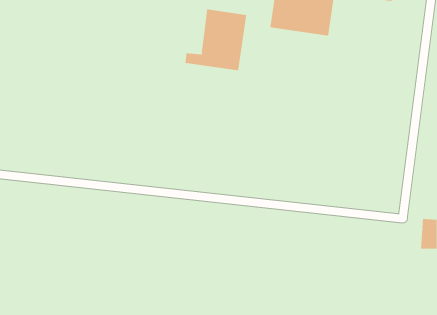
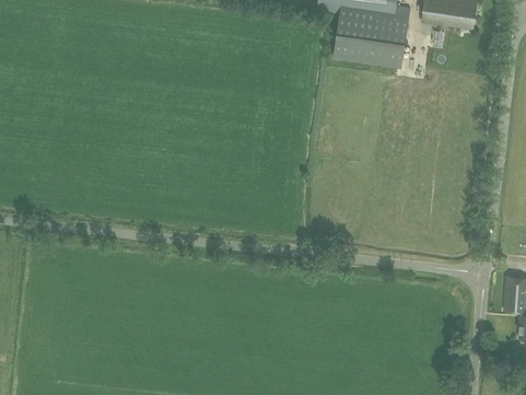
building: [185,9,247,71] -> none

